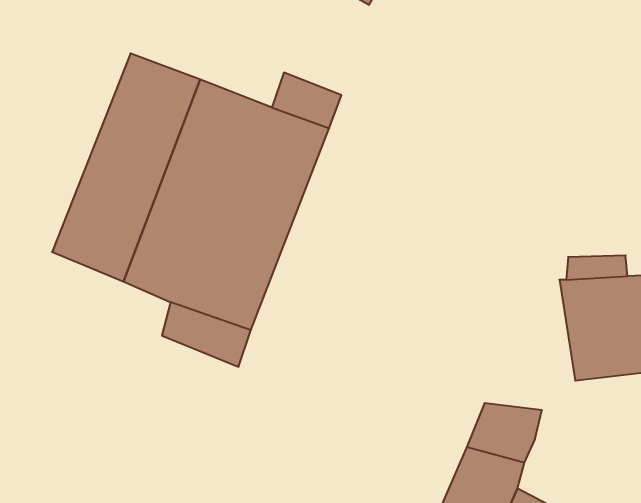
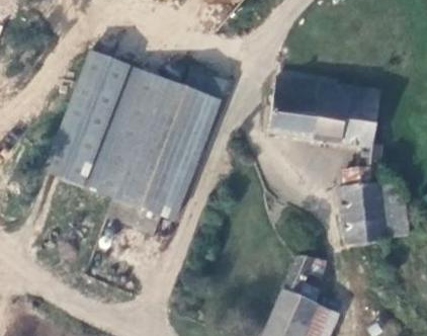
building: none -> [271,78,381,165]

